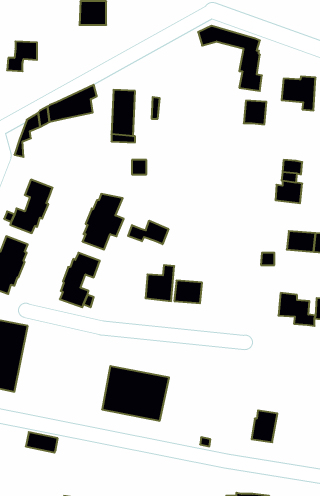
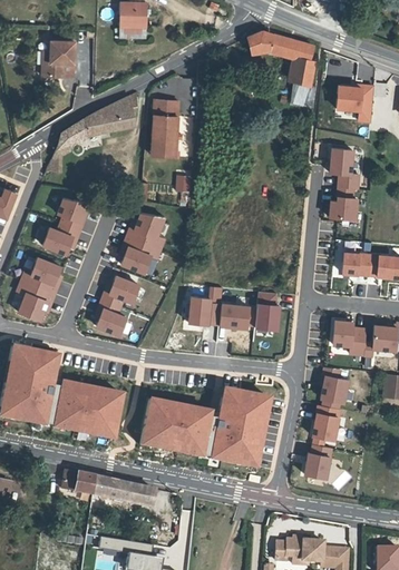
building: [244,101,266,124] -> [330,150,354,176]
building: [128,221,168,244] -> none
building: none -> [255,293,281,332]
building: none -> [321,376,350,409]
building: none -> [55,381,125,439]
building: none -> [212,387,273,468]
building: none -> [312,413,341,445]
building: none -> [91,475,154,504]

